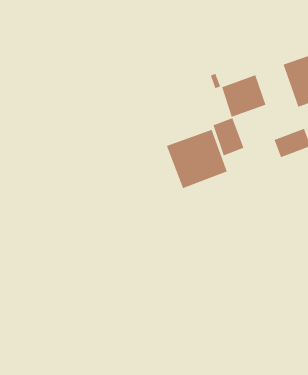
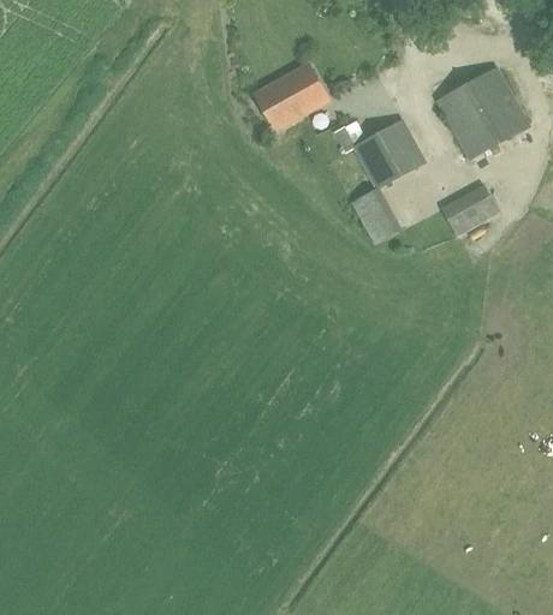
building: none -> [255,64,328,129]
building: [166,129,228,189] -> none

